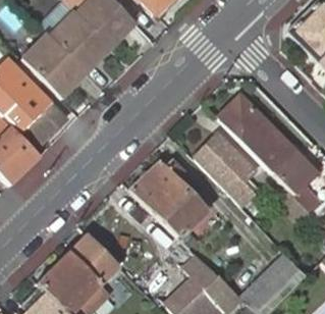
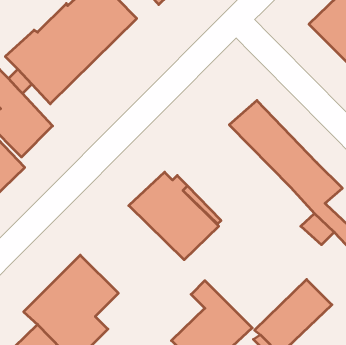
building: [193,135,252,206] -> none

